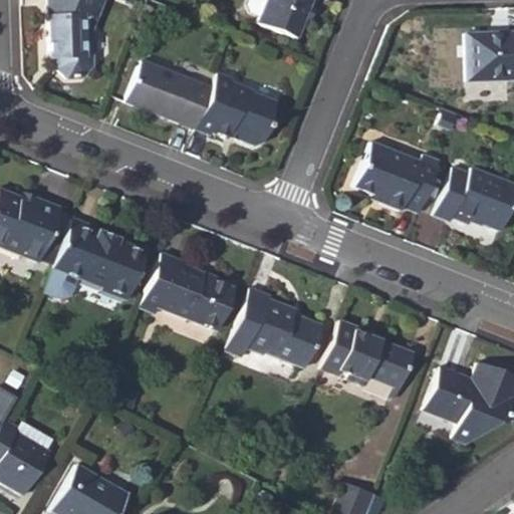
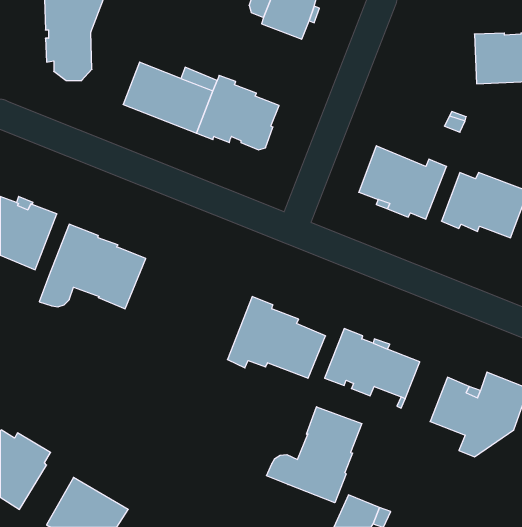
building: [141,254,235,331] -> none
building: none -> [266,407,362,503]

